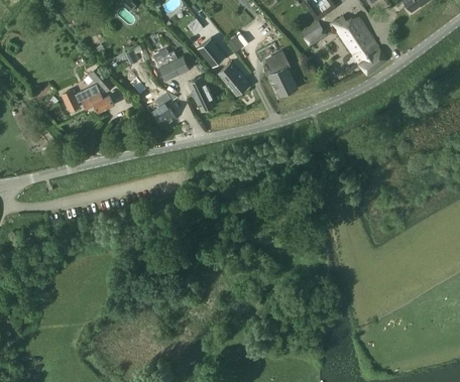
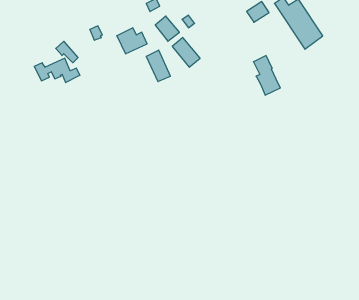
building: [267,52,298,97] -> [253,56,280,95]
building: [147,93,178,127] -> none

